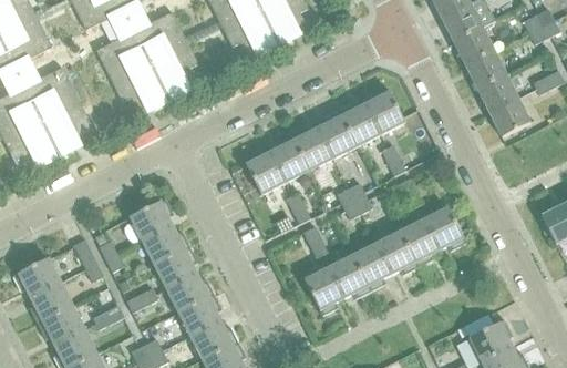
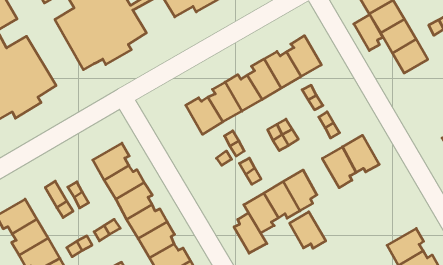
building: none -> [354,15,383,51]
building: [377,232,417,275] -> [290,212,326,248]
building: none -> [234,213,267,253]

